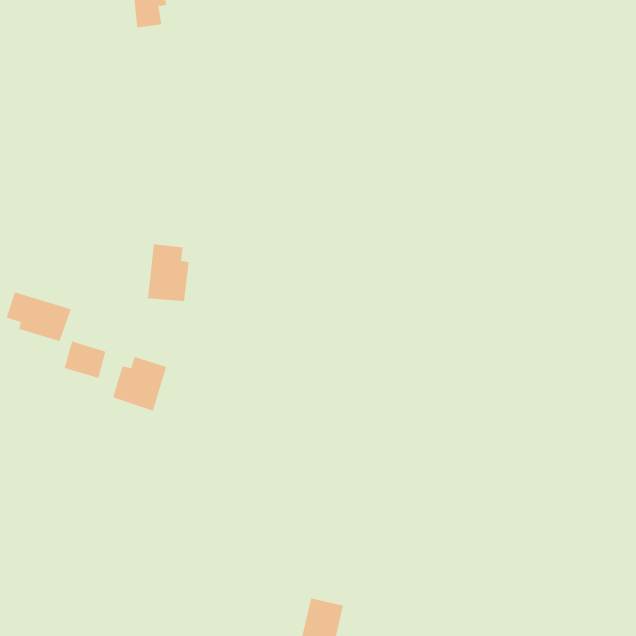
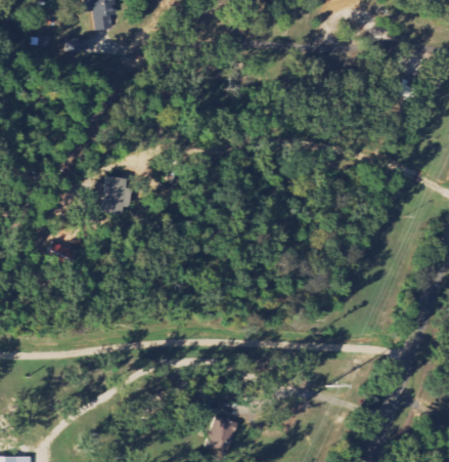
building: [6,292,71,342] -> none
building: [113,356,167,411] -> none

